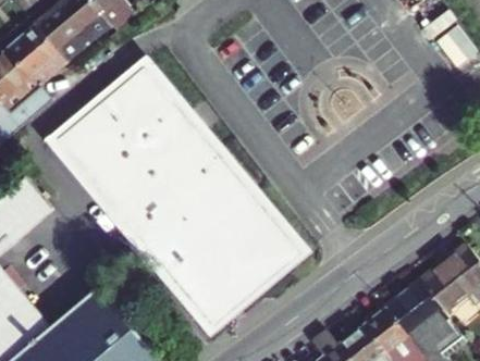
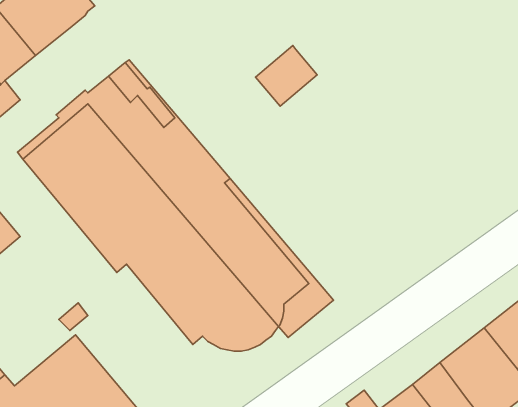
building: none -> [256,46,317,106]
building: [130,228,264,332] -> none

